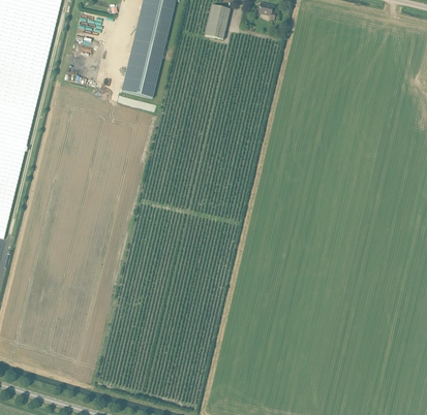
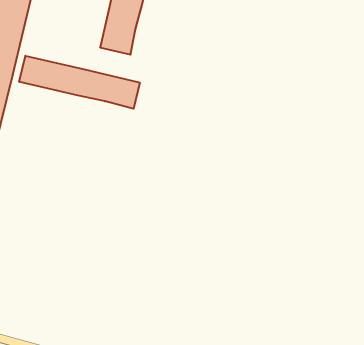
building: none -> [19,56,140,109]

